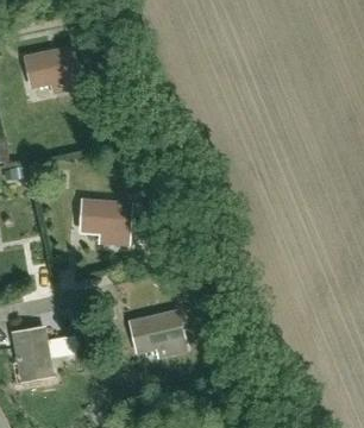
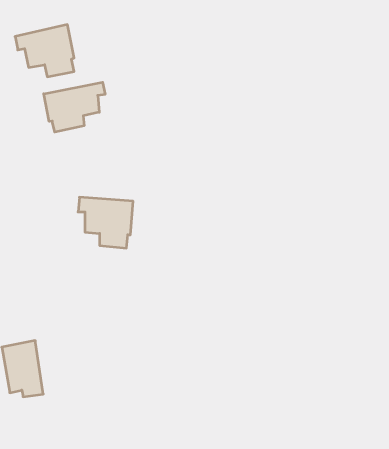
building: none -> [44,82,105,132]
building: [130,310,183,358] -> none

